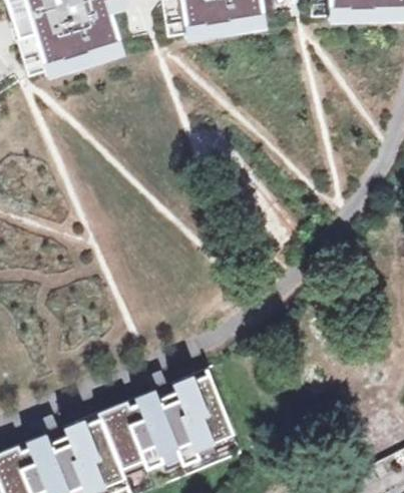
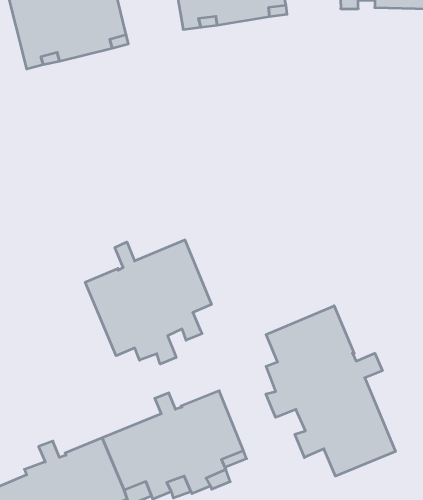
building: none -> [85,240,211,364]
building: none -> [266,306,395,476]

